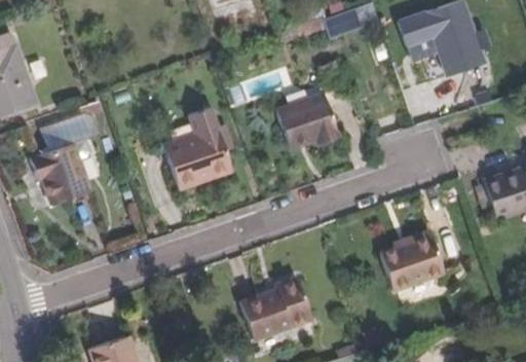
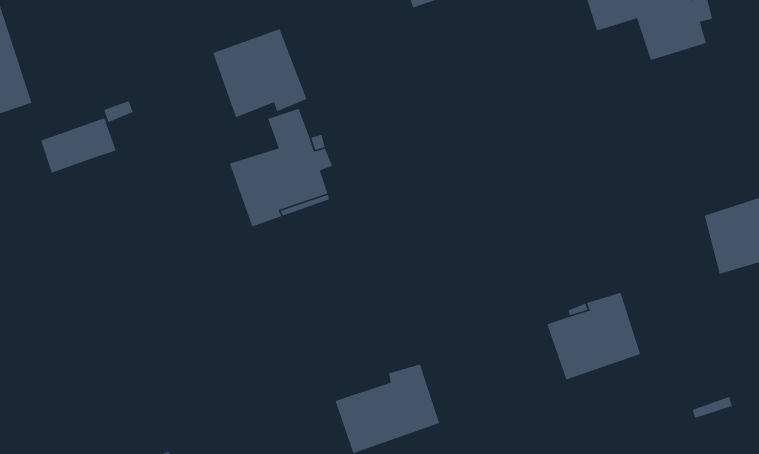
building: none -> [212,28,307,118]
building: [278,92,341,146] -> none
building: [30,141,91,203] -> none

